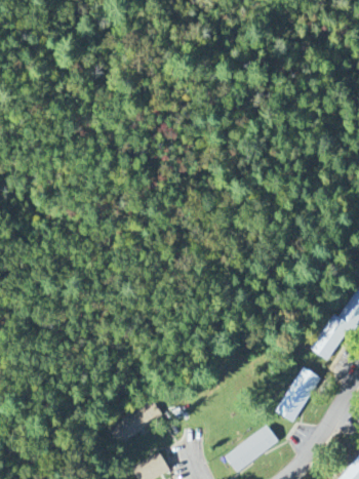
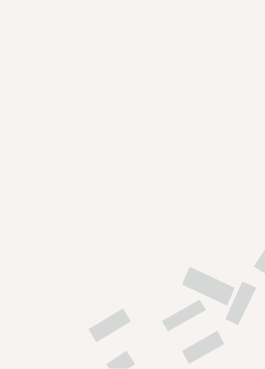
building: none -> [181,266,236,306]
building: none -> [161,299,207,332]

